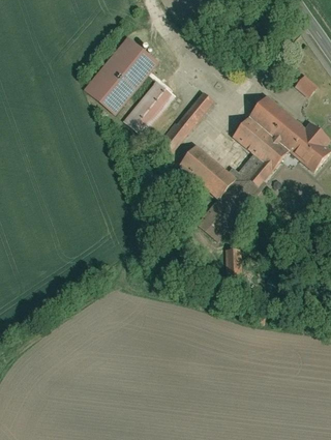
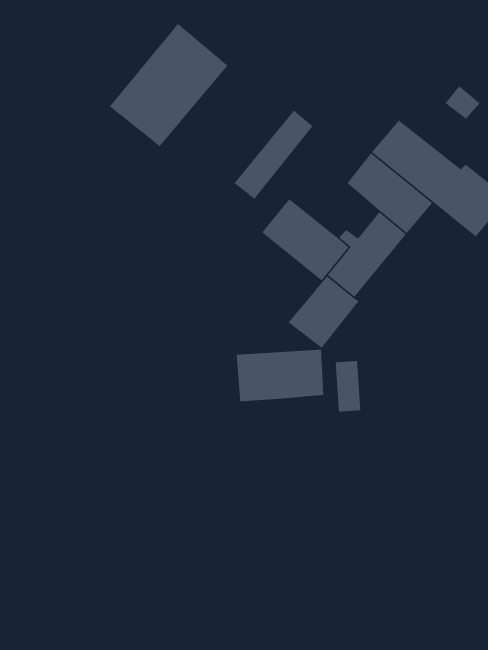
building: [123,79,175,135] -> none
building: none -> [236,349,324,402]

